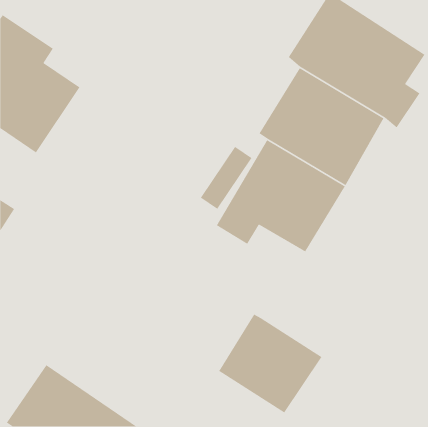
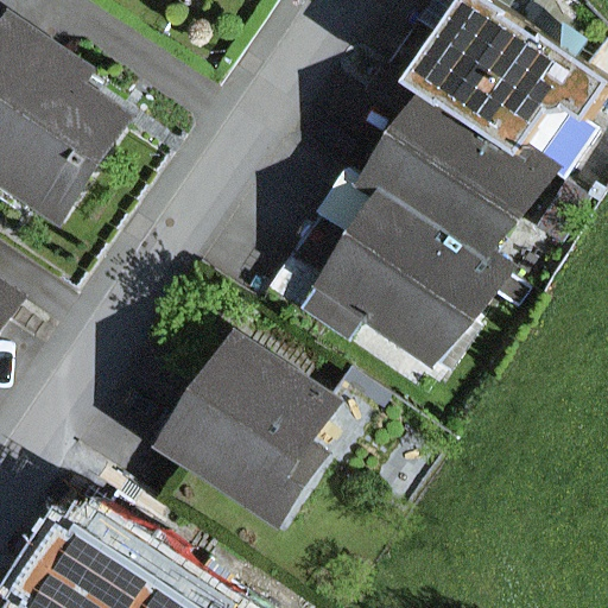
building: none -> [173,341,332,519]
building: [218,313,323,413] -> none

